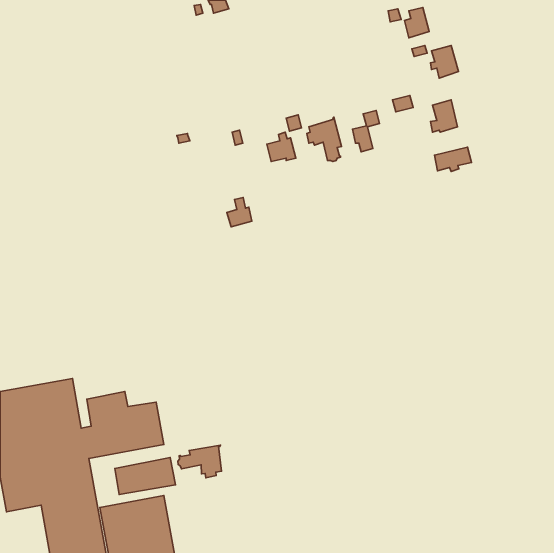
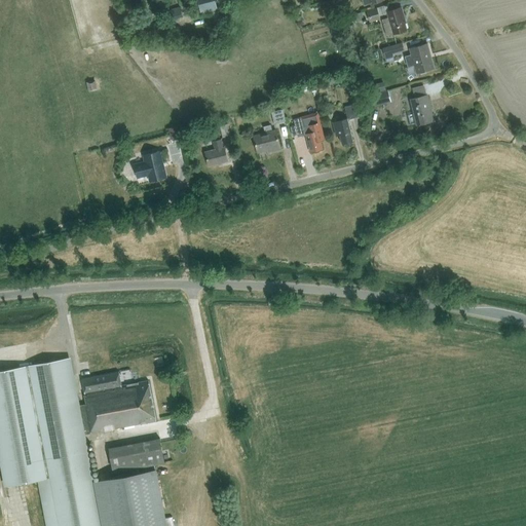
building: [435,147,472,172] -> none
building: none -> [135,152,166,182]
building: [227,197,252,227] -> [204,140,228,167]
building: [178,445,222,478] -> none

